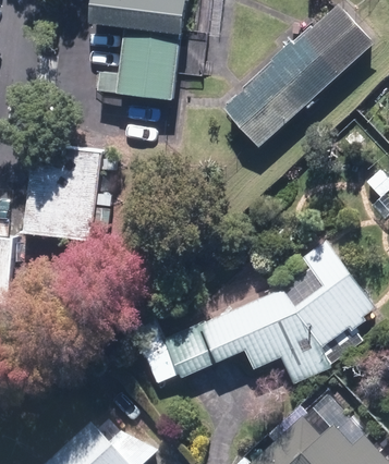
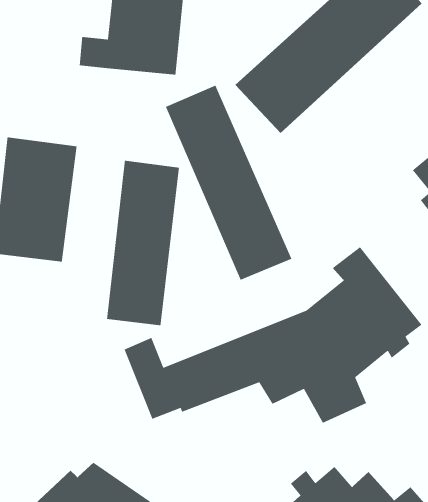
building: none -> [165,84,293,281]
building: none -> [106,160,180,326]

